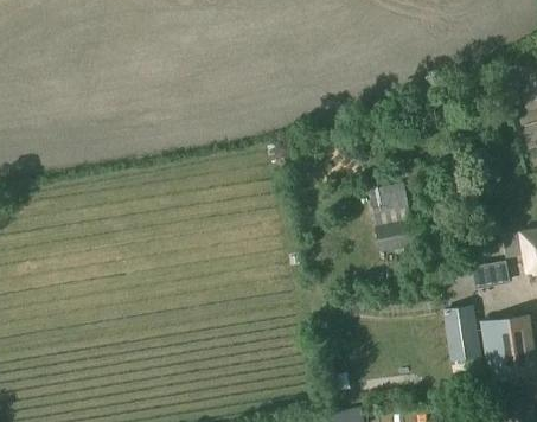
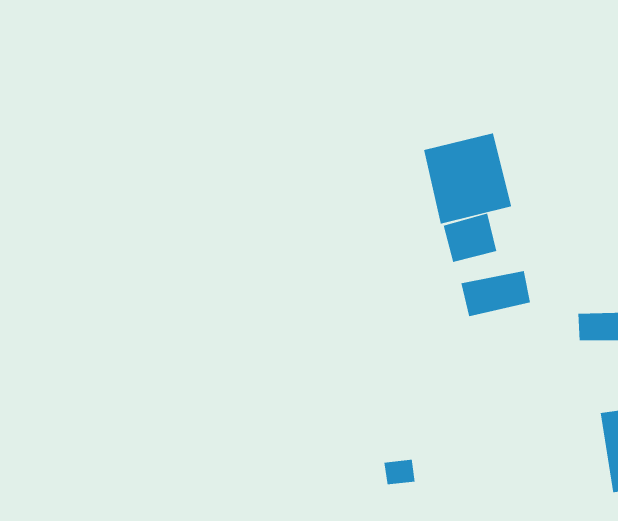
building: none -> [423,132,512,225]
building: [442,306,481,363] -> none

